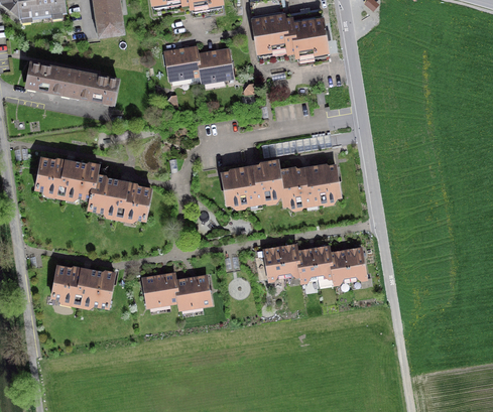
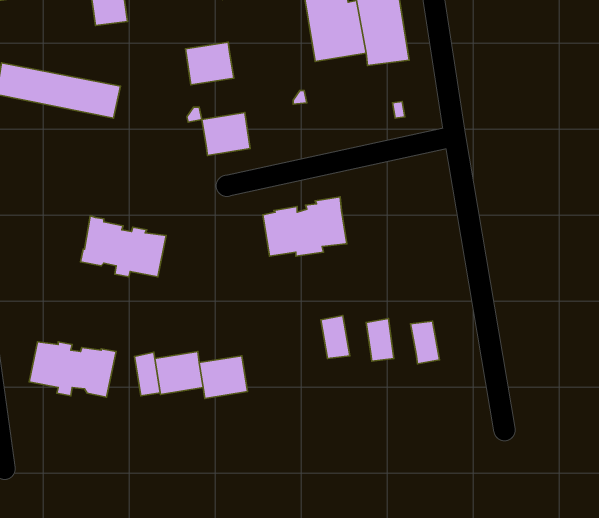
building: [197,49,232,81] -> [202,113,250,155]
building: [35,158,98,198] -> none
building: [278,164,340,204] -> none
building: [279,245,299,276] -> none
building: [313,247,333,278] -> none
building: [345,248,365,279] -> none
building: none -> [135,352,160,396]

